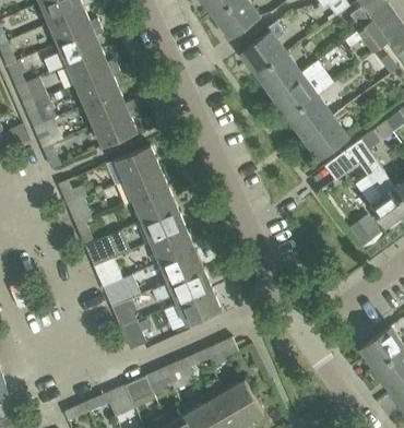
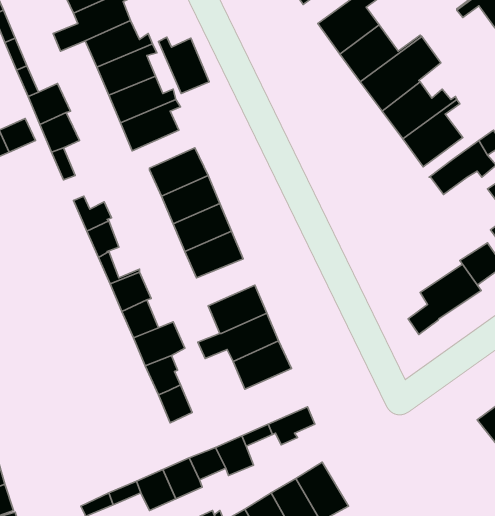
building: none -> [158,37,209,94]
building: [150,228,193,263] -> none
building: none -> [408,264,481,335]

